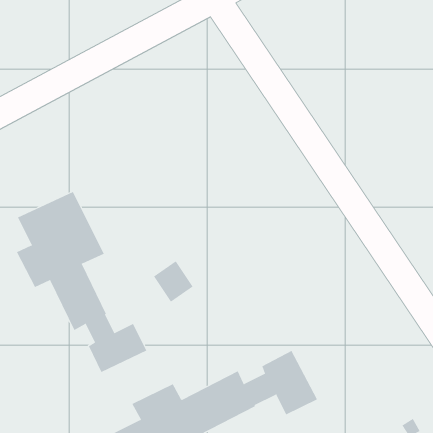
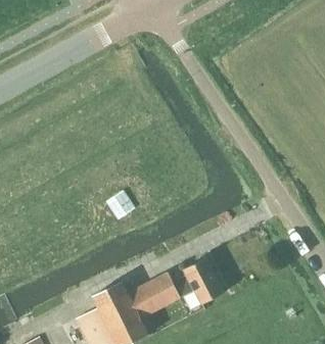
building: [16,191,147,373] -> none

